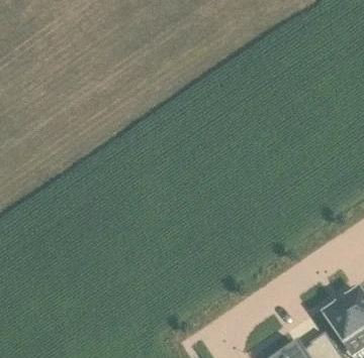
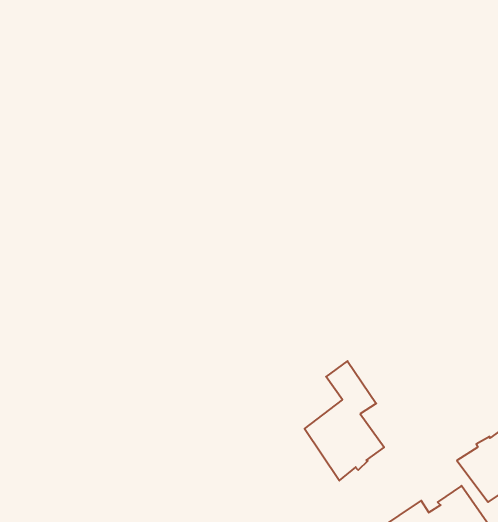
building: none -> [305,361,384,481]

